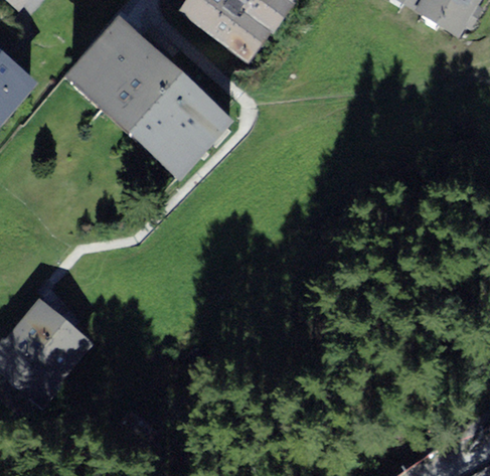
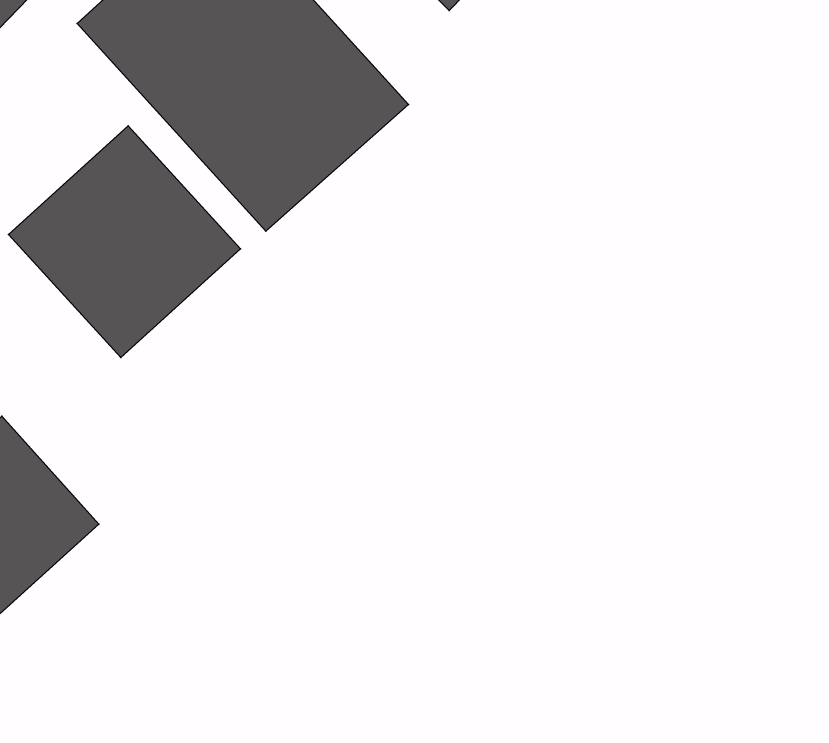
building: none -> [9,126,240,358]

